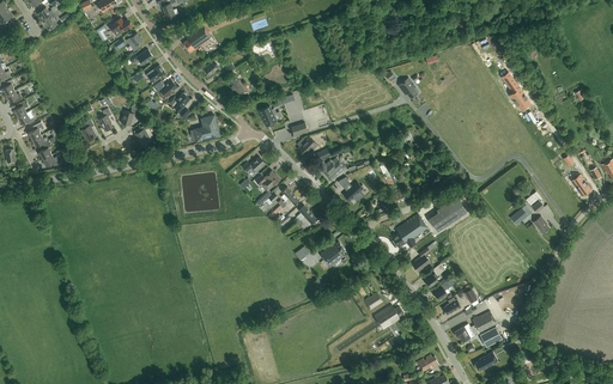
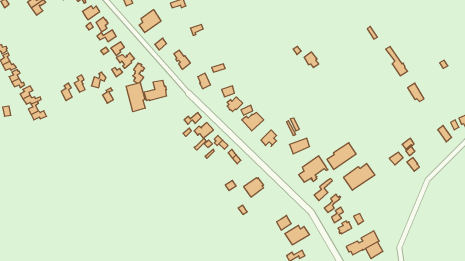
building: none -> [126,83,145,112]
building: none -> [344,163,375,190]

